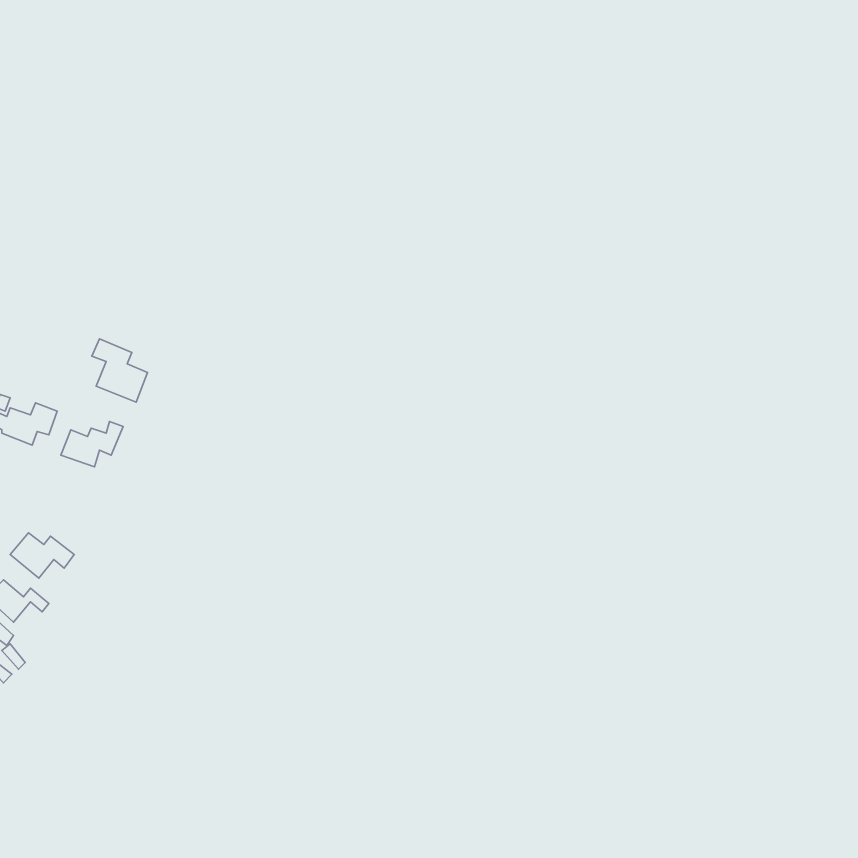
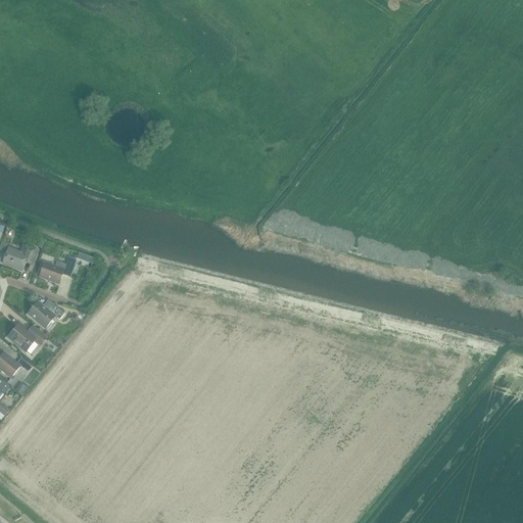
building: [92,339,148,402] -> none
building: none -> [26,298,62,327]

